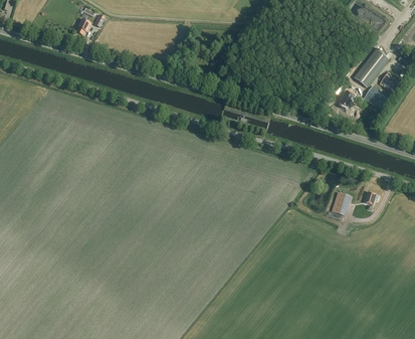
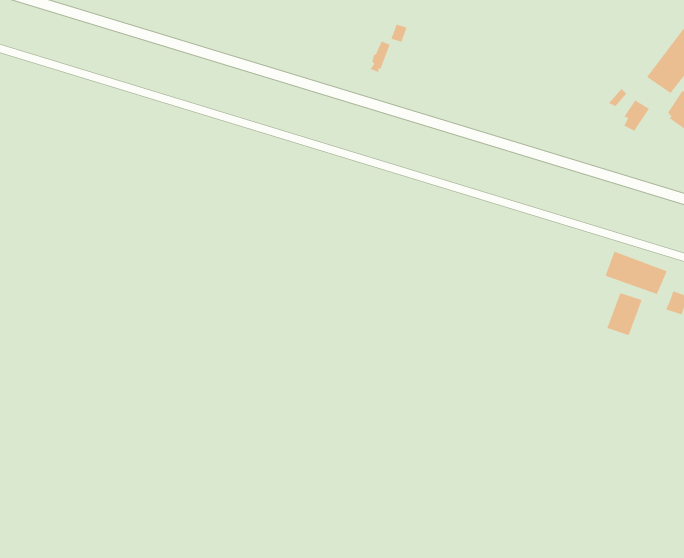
building: none -> [605,251,667,295]

